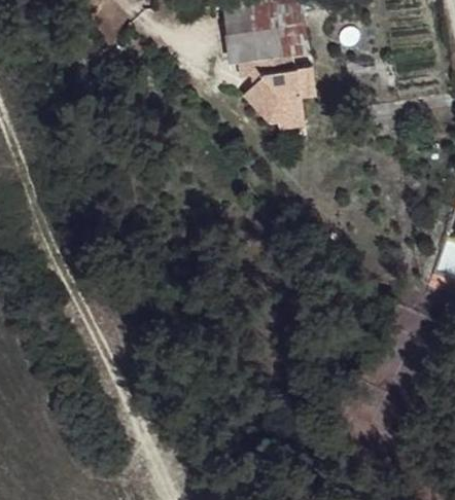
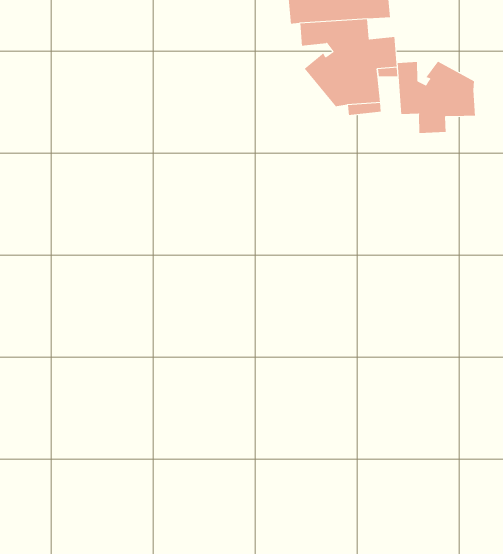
building: none -> [397,61,475,134]

